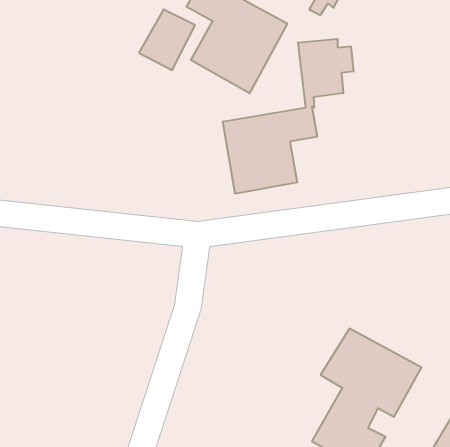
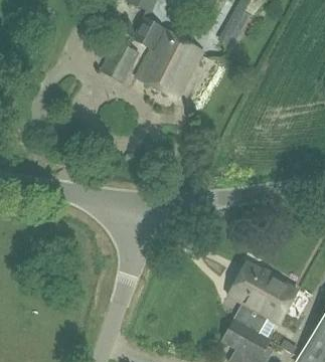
building: [223,39,354,194] -> none

